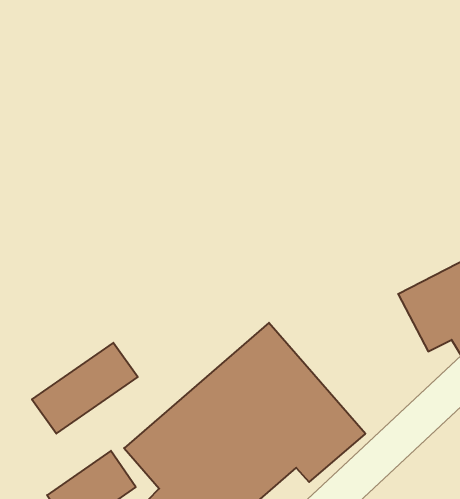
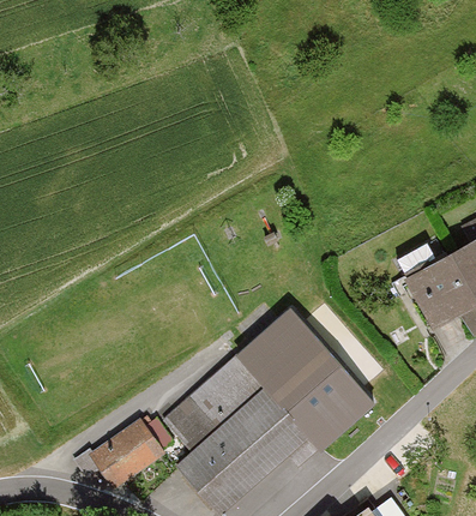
building: [32,343,138,434] -> none

